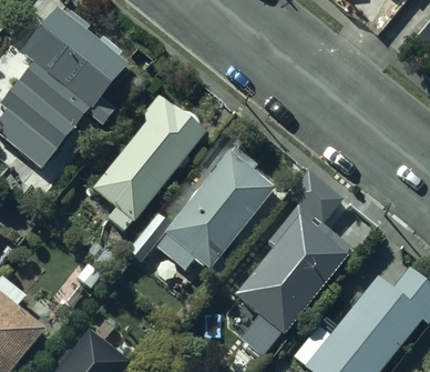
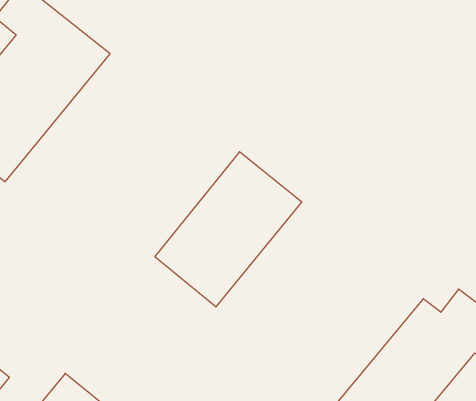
building: [84,98,204,225] -> none
building: [235,217,350,338] -> none

